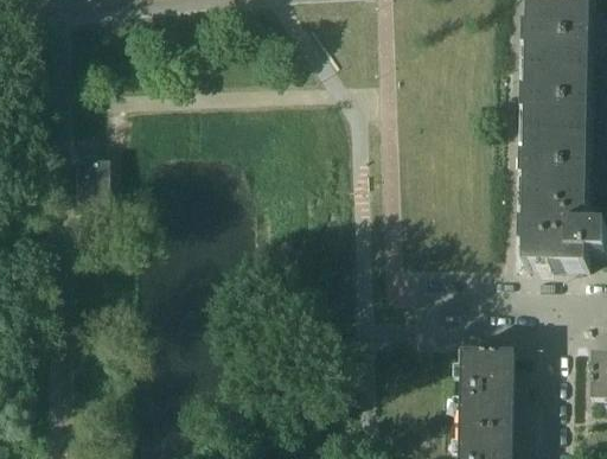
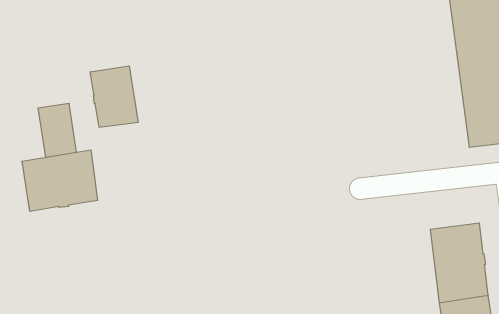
building: none -> [90,66,138,127]
building: none -> [22,150,98,211]

